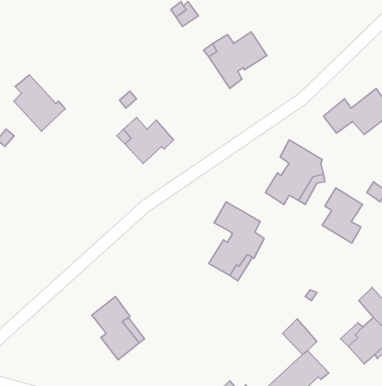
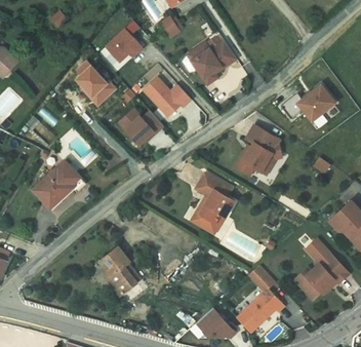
building: none -> [105,27,142,60]
building: [14,75,65,131] -> [74,62,114,106]
building: none -> [144,76,190,114]
building: none -> [33,160,86,207]
building: [322,188,363,243] -> none

